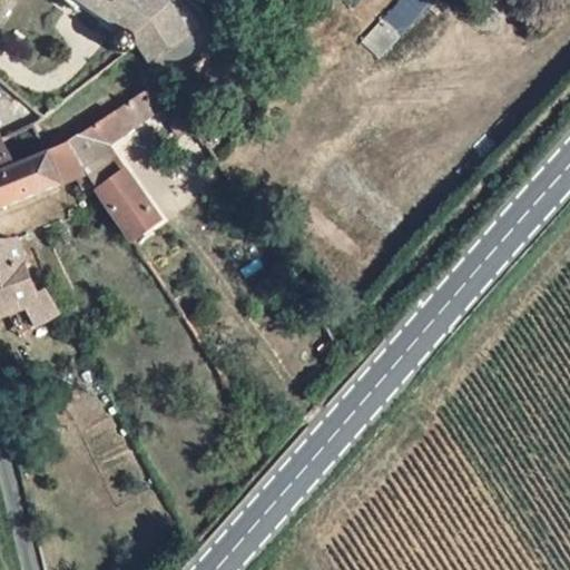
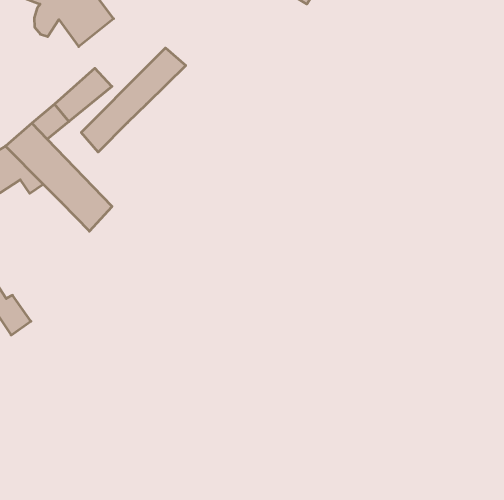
building: none -> [81,48,186,152]

